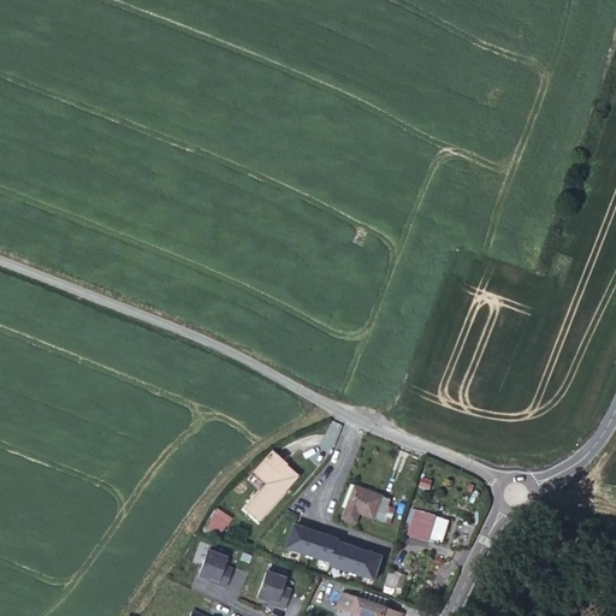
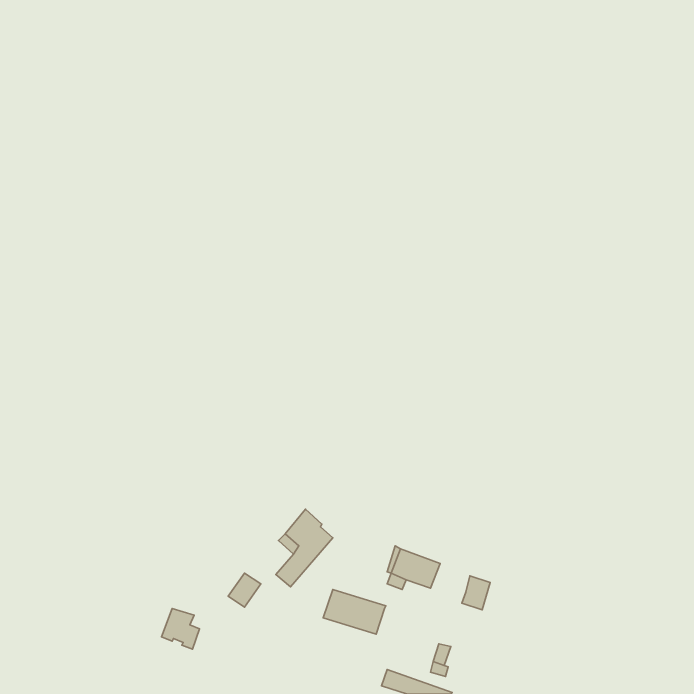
building: [331,539,385,582] -> none
building: [199,552,232,588] -> [161,608,199,649]
building: [257,574,291,610] -> none

